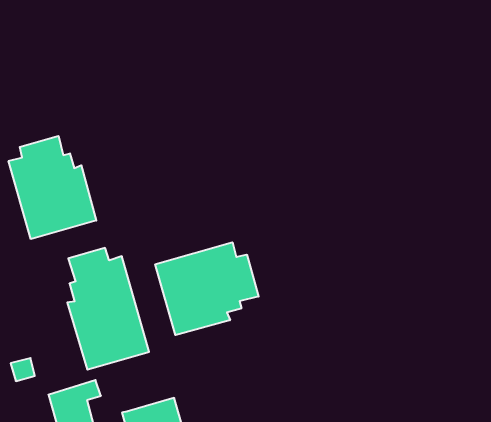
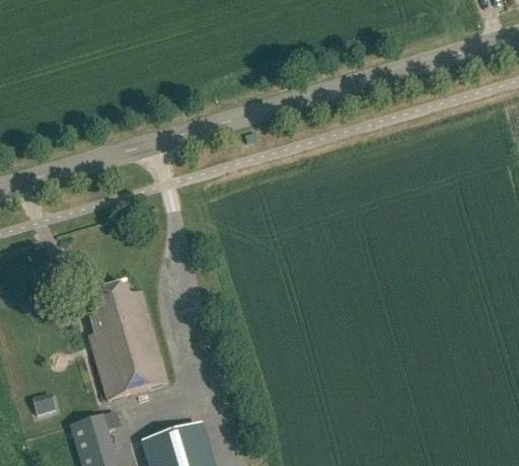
building: [9,136,96,239] -> none
building: [155,242,259,335] -> none

